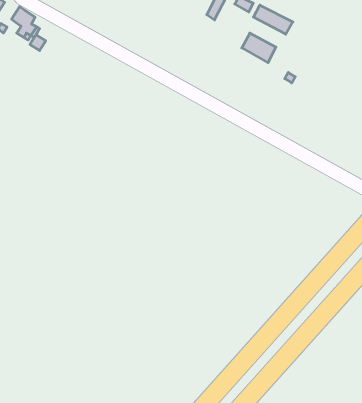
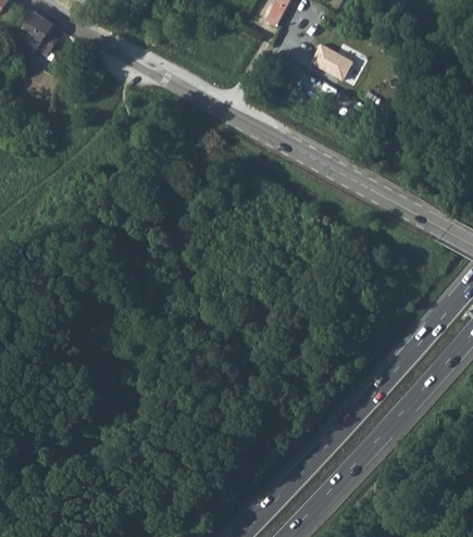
building: [253,5,293,34] -> none

